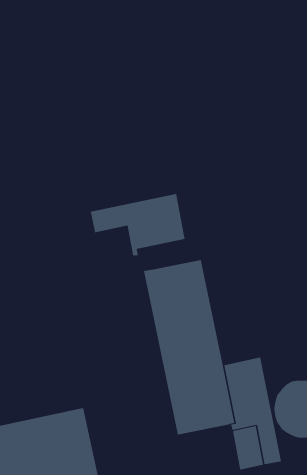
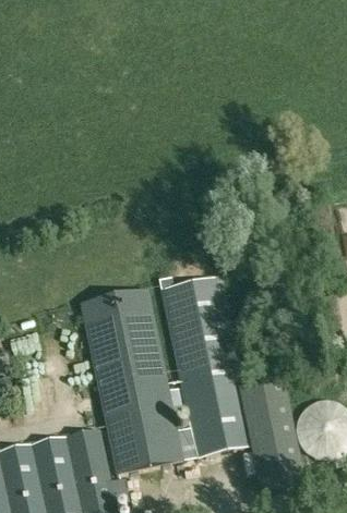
building: [90,193,185,256] -> none
building: none -> [82,289,183,473]

